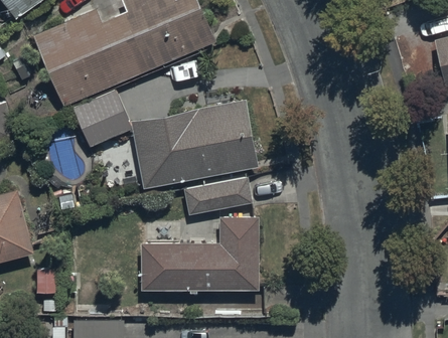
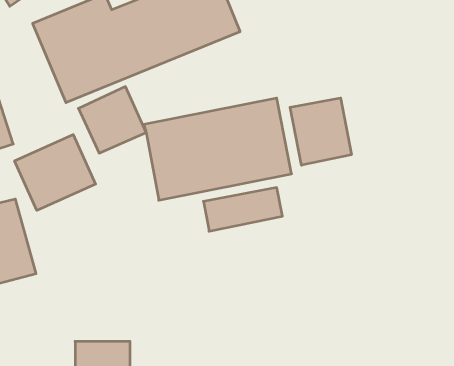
building: none -> [290,98,351,165]
building: none -> [15,135,96,210]
building: [141,218,262,294] -> none

